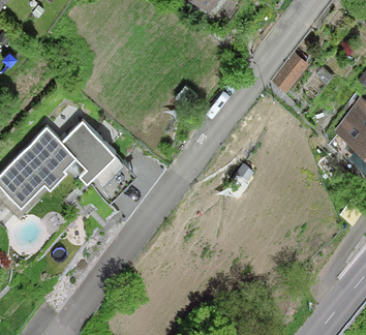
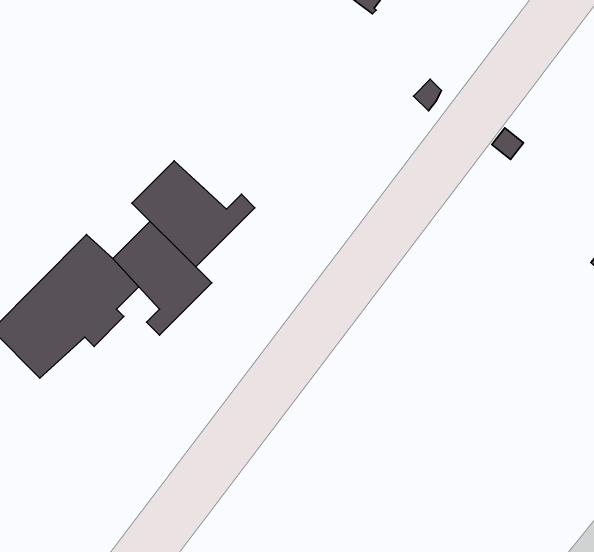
building: none -> [132,161,255,267]

